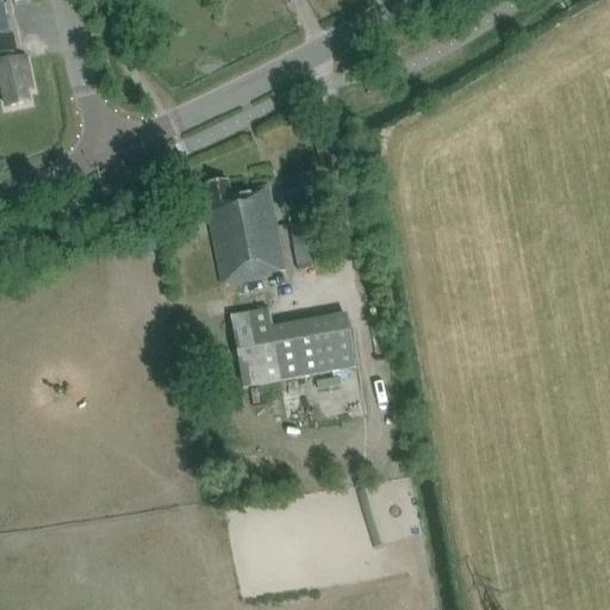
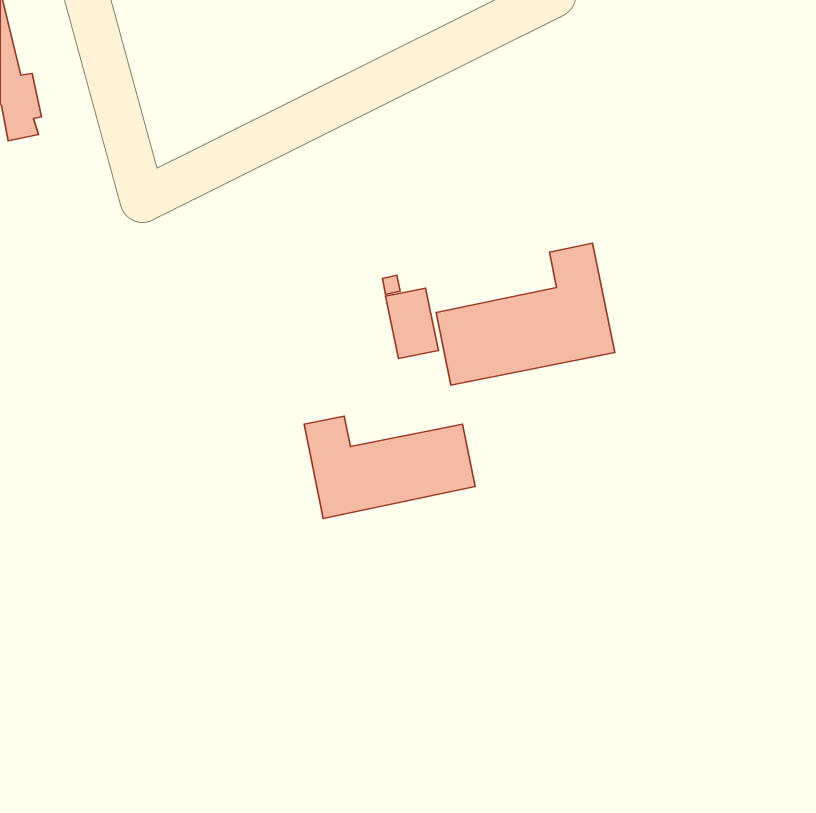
building: [206,178,284,281] -> none
building: none -> [436,243,615,385]

